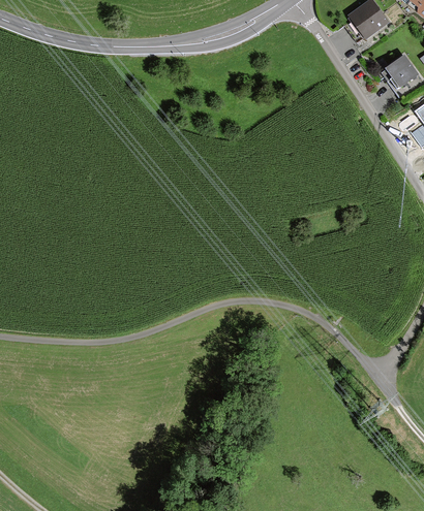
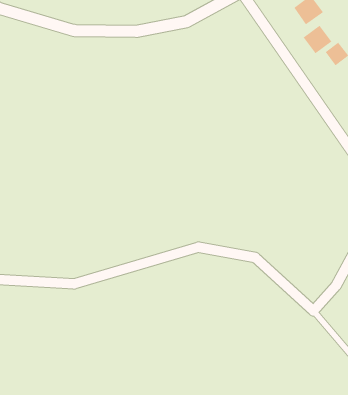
building: none -> [303,25,332,54]

